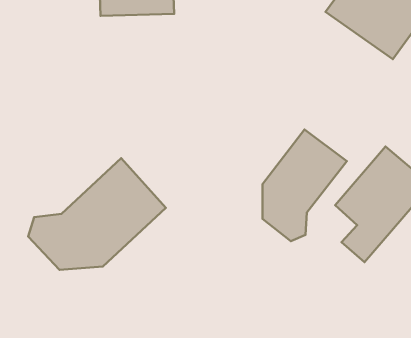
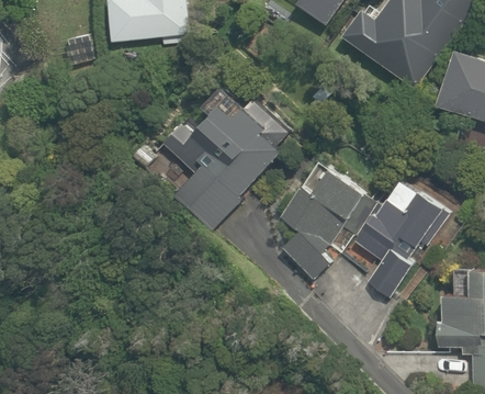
building: none -> [158,86,289,236]
building: [28,158,166,270] -> none

